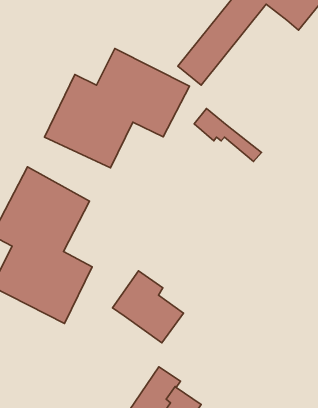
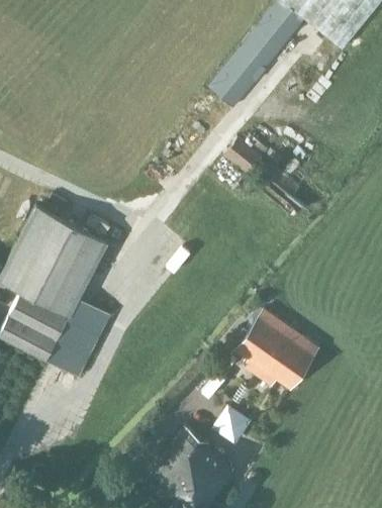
building: [45,48,189,168] -> none
building: [112,271,184,343] -> [235,306,315,387]
building: none -> [214,407,248,440]

